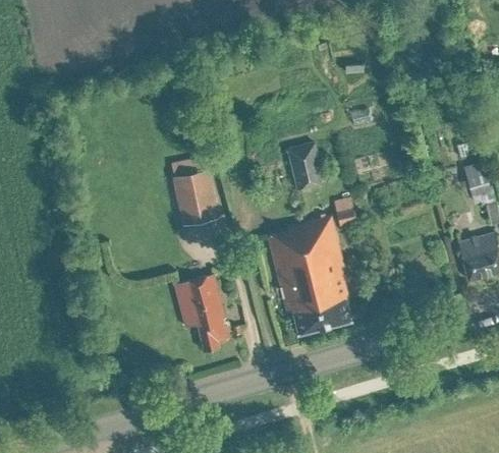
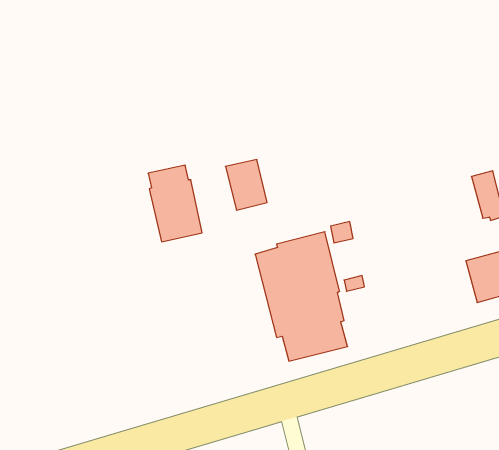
building: [288,144,326,189] -> [225,160,267,210]
building: [175,274,231,351] -> none

